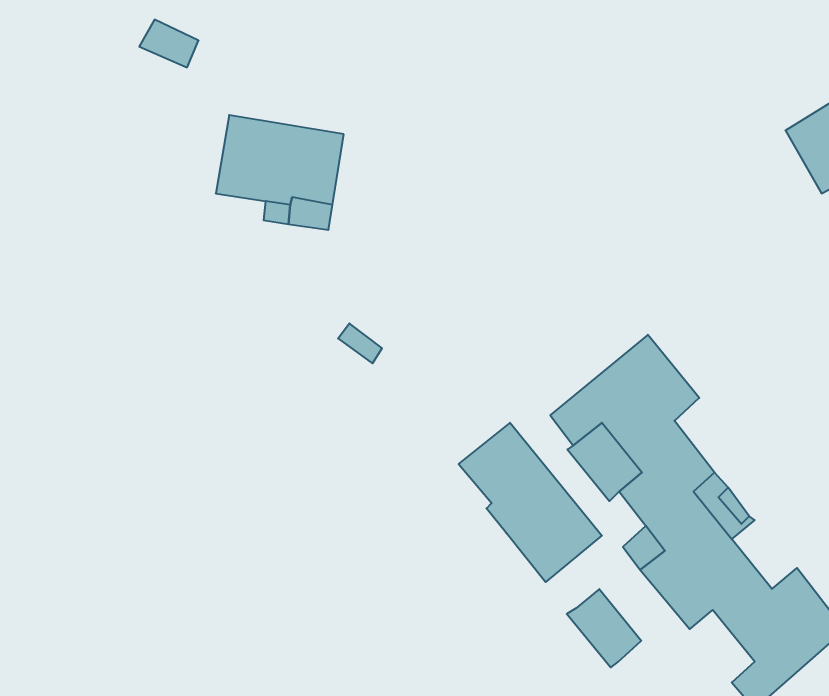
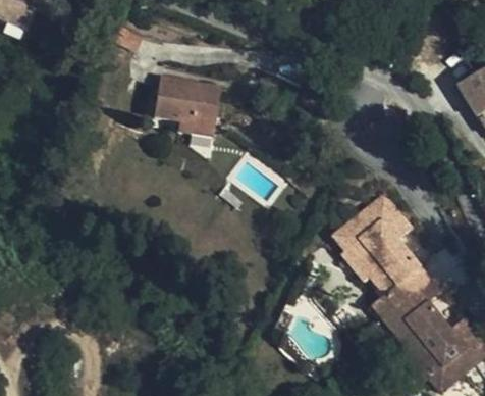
building: [459,423,602,582] -> none
building: [567,589,641,667] -> [401,339,441,381]

